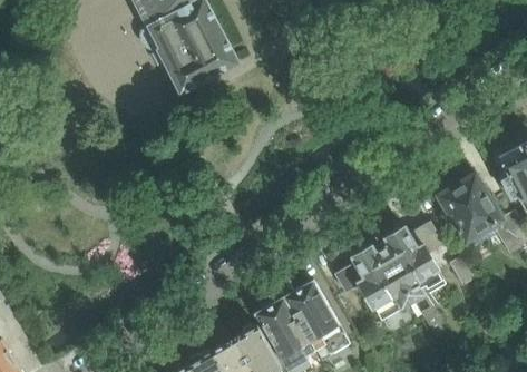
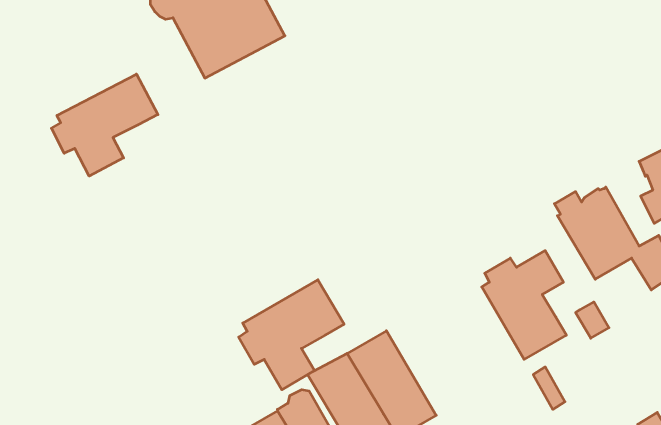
building: none -> [51,74,158,176]
building: none -> [239,280,344,390]
building: [333,246,413,321] -> none

